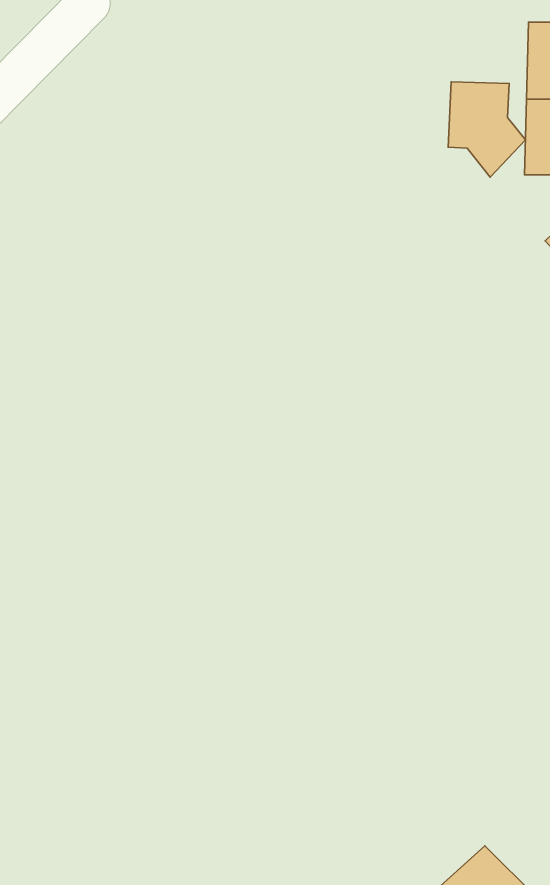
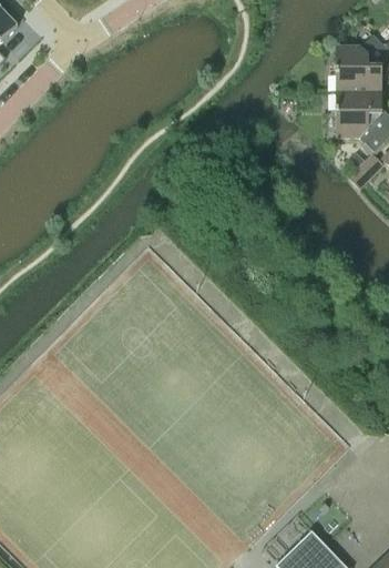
building: [448,82,525,177] -> none

